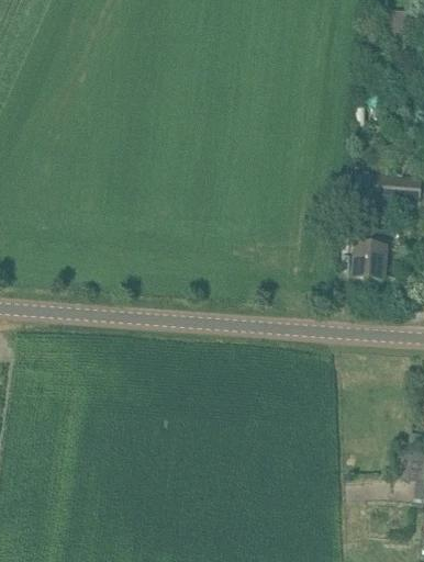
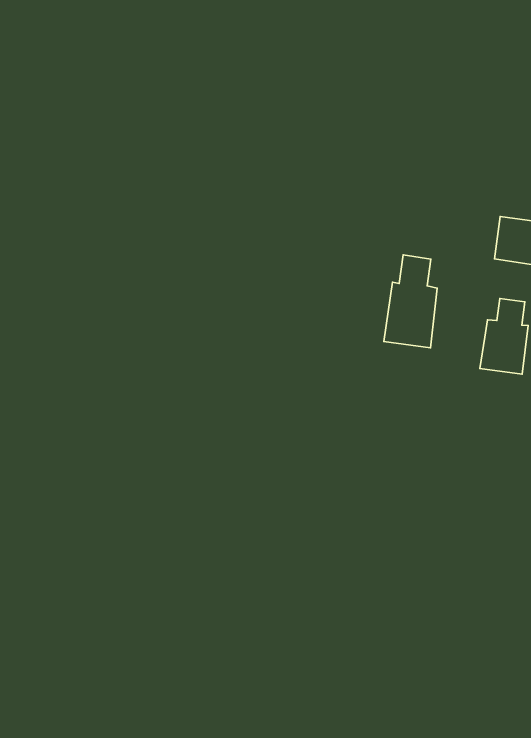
building: none -> [384,255,437,348]

